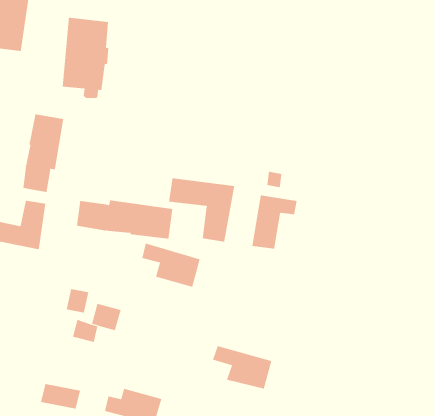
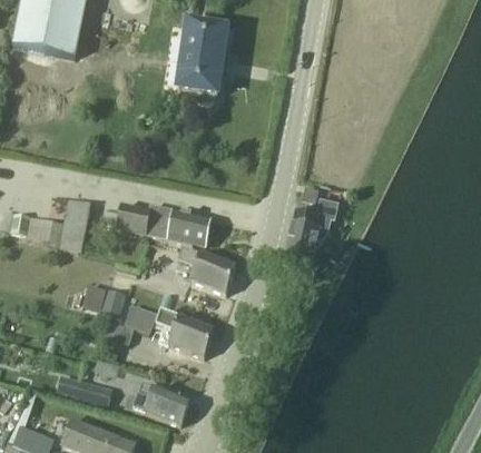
building: [62,17,109,99] -> [176,22,225,102]
building: [23,114,64,193] -> none
building: [168,178,235,242] -> none
building: [212,346,272,389] -> [155,312,213,356]

